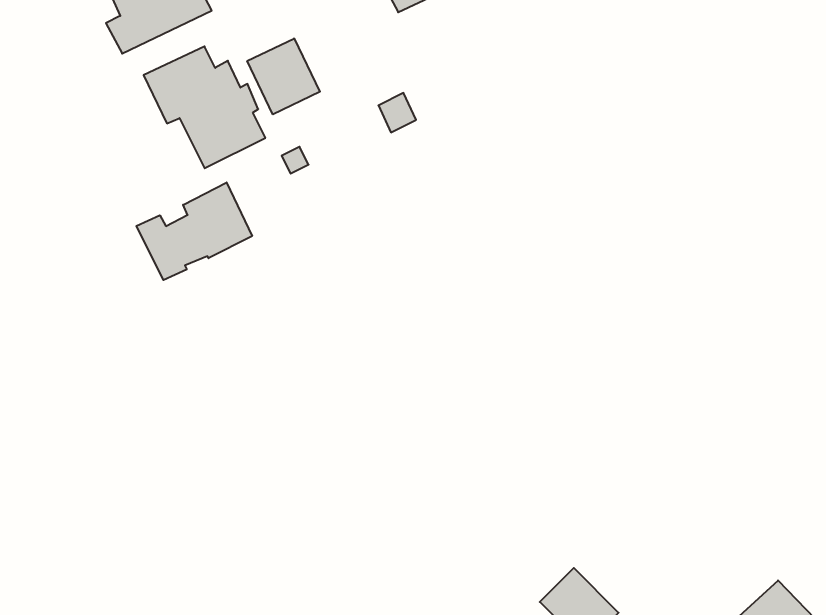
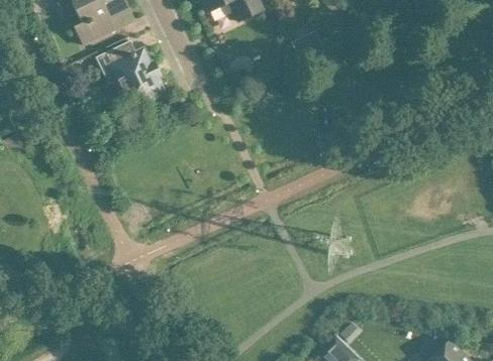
building: [247,38,320,114] -> none
building: [136,182,252,280] -> none

